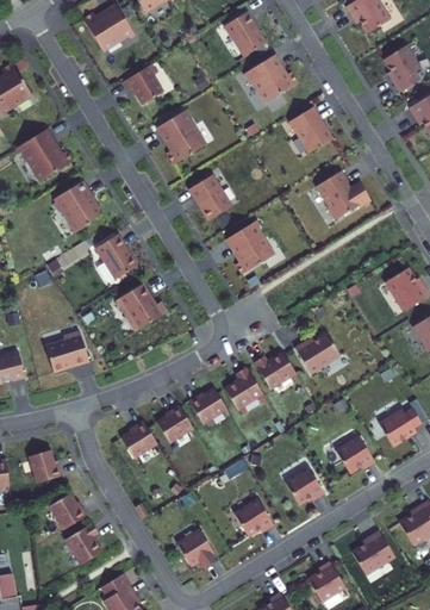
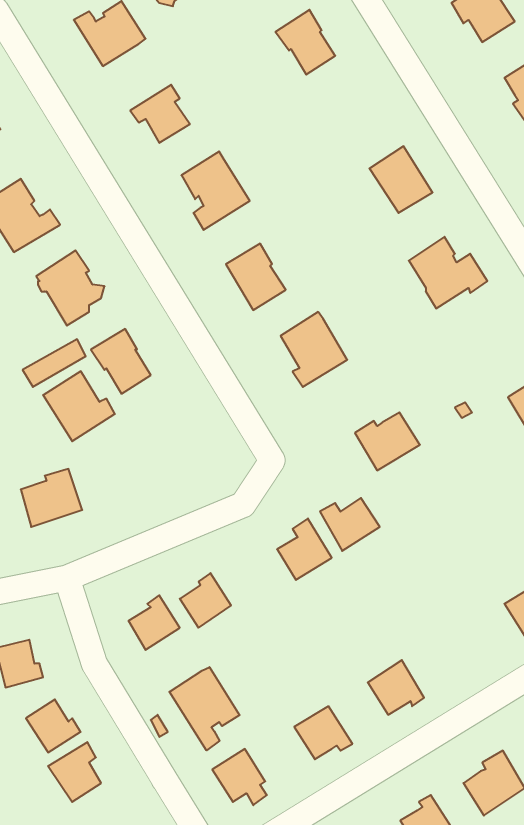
building: [247,55,297,101] -> none
building: [116,282,166,331] -> [43,371,115,441]
building: [294,332,339,373] -> [355,412,420,470]
building: [188,387,226,423] -> none
building: [337,434,378,471] -> none
building: none -> [169,667,240,750]

